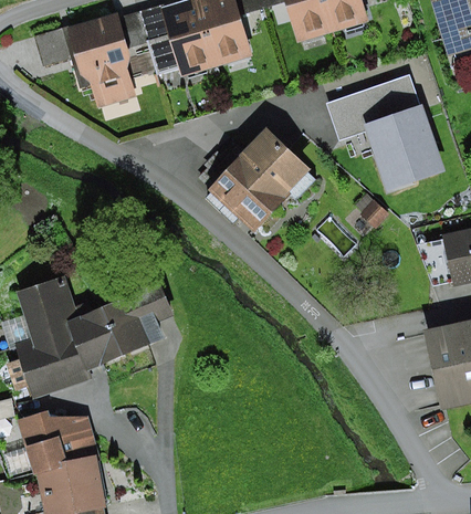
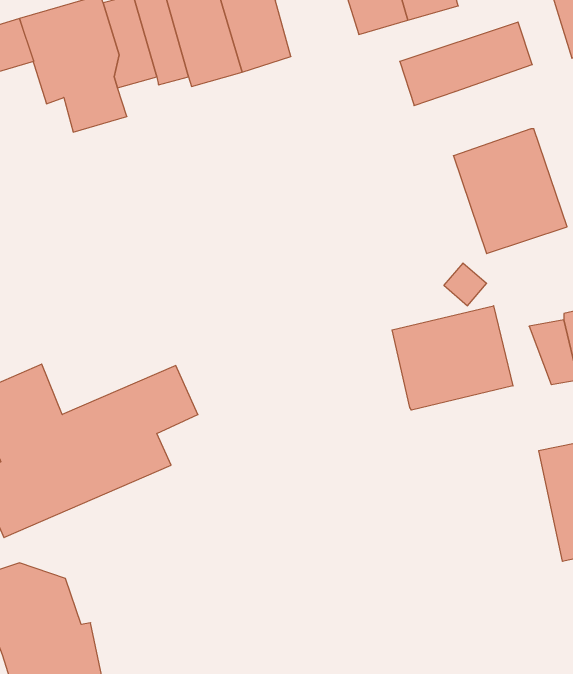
building: [325,76,418,135] -> [400,22,532,106]
building: [208,128,313,231] -> none
building: none -> [392,306,513,410]

